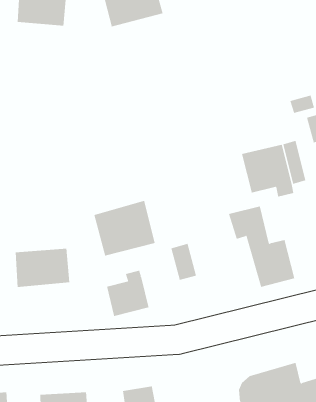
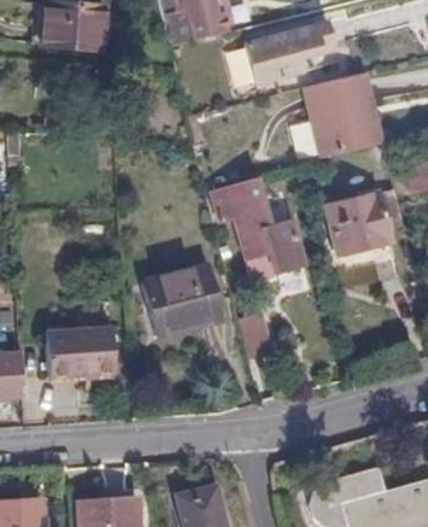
building: none -> [241,28,328,88]
building: none -> [303,75,379,158]
building: [228,206,295,288] -> [210,176,292,276]
building: [106,270,149,317] -> none

